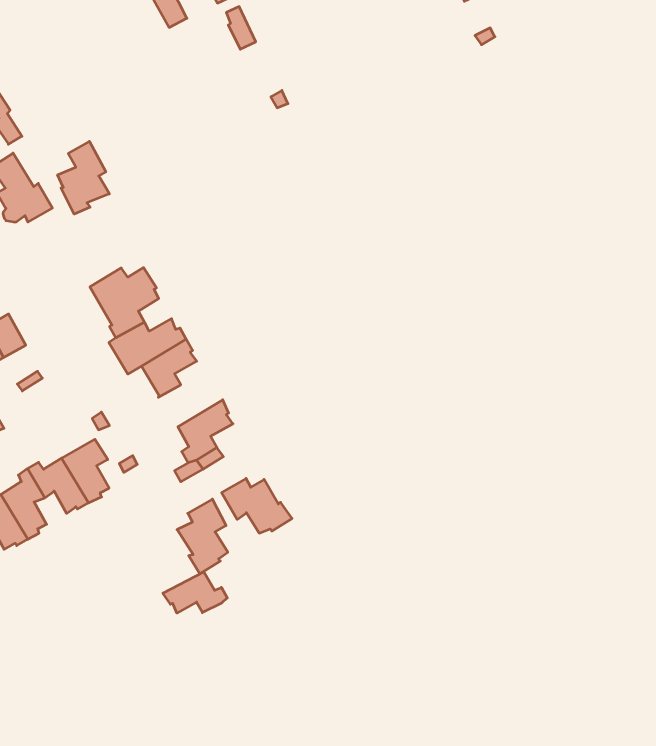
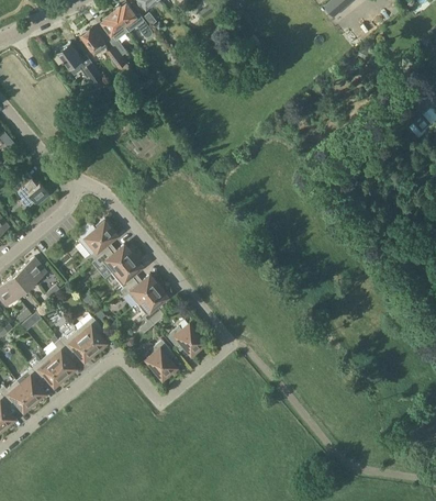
building: [58,141,109,214] -> none
building: none -> [121,276,159,303]
building: [163,572,227,613] -> none

